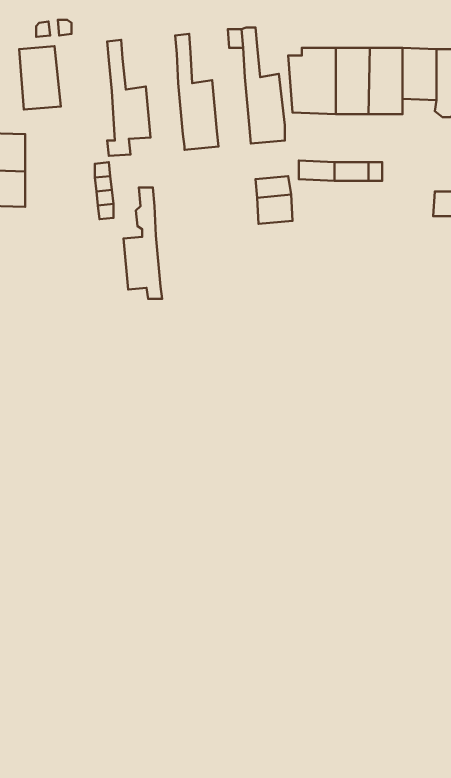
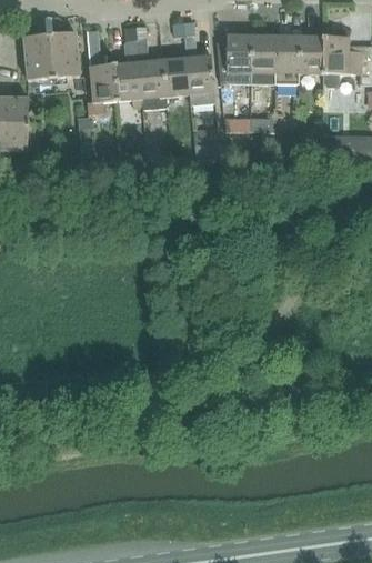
building: none -> [49,32,79,78]
building: none -> [162,57,189,95]
building: [123,187,162,299] -> [114,27,142,107]

